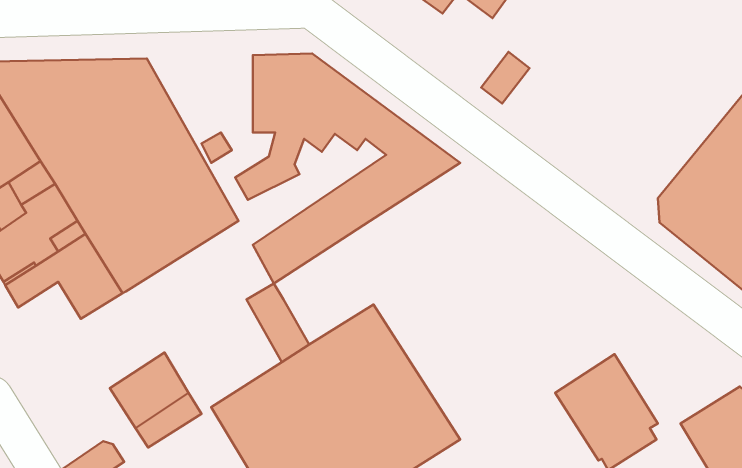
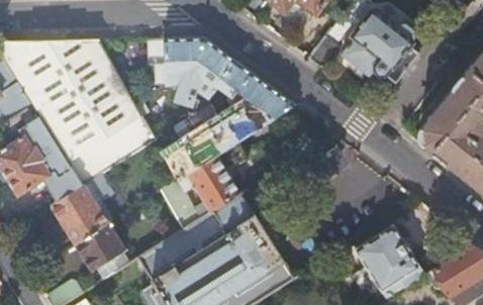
building: none -> [344,9,421,78]
building: none -> [178,141,249,212]
building: none -> [51,186,109,246]

